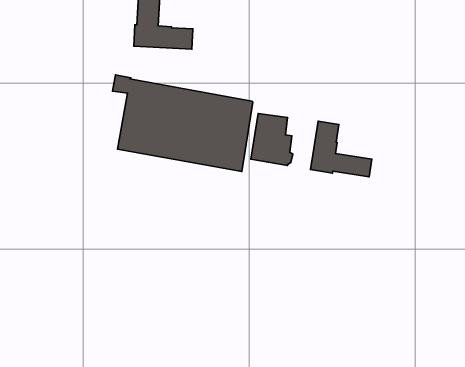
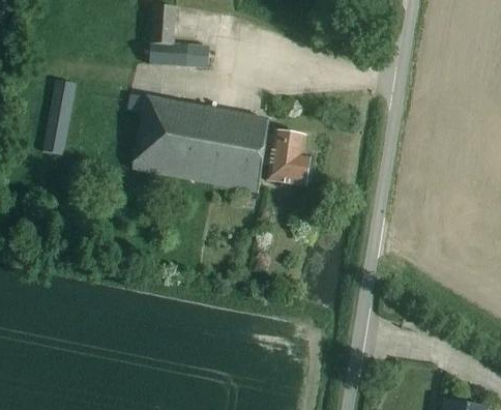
building: none -> [41,79,76,154]
building: [311,121,372,177] -> none

